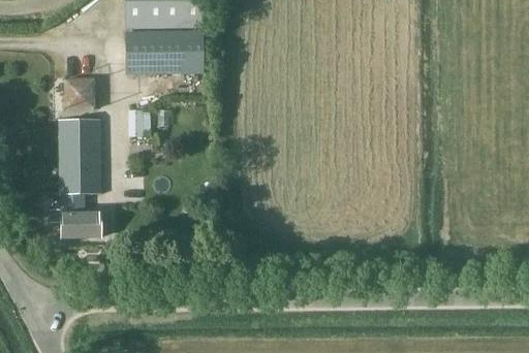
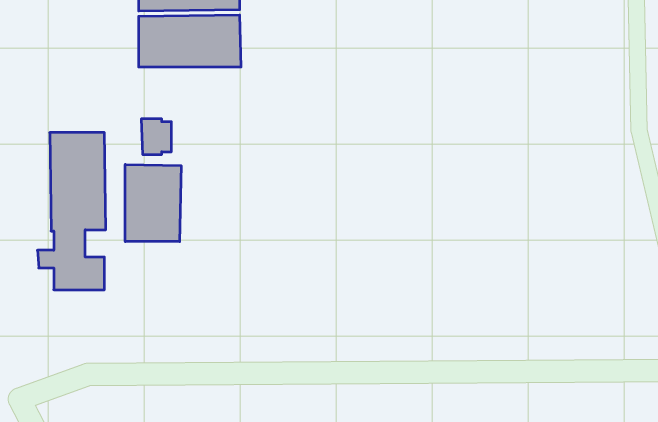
building: [65,79,94,108] -> none
building: none -> [125,164,181,242]

